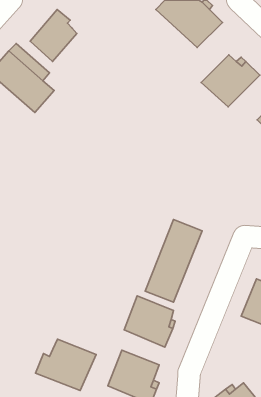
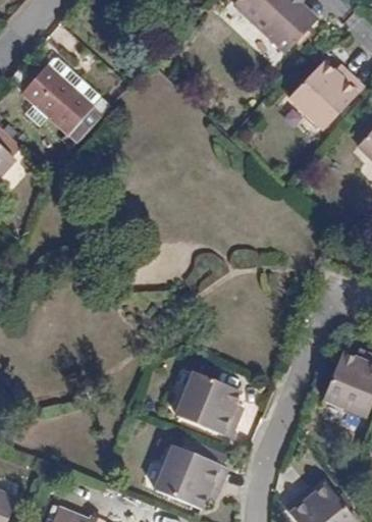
building: [30,10,77,61] -> none
building: [145,220,202,302] -> none
building: [36,339,96,391] -> none

